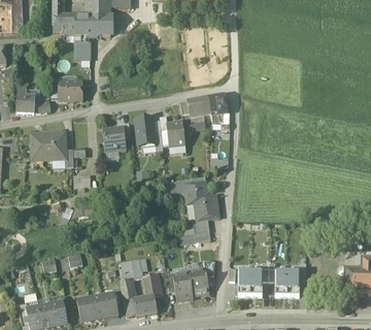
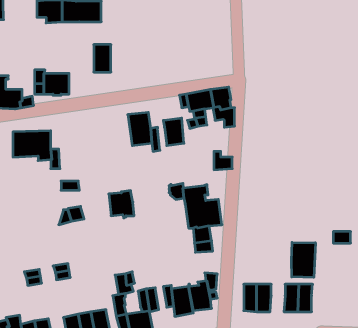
building: [75,34,91,59] -> [94,45,111,72]
building: [103,126,126,151] -> [109,191,134,218]
building: none -> [291,242,315,277]

